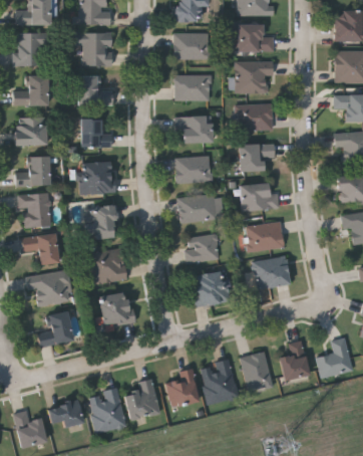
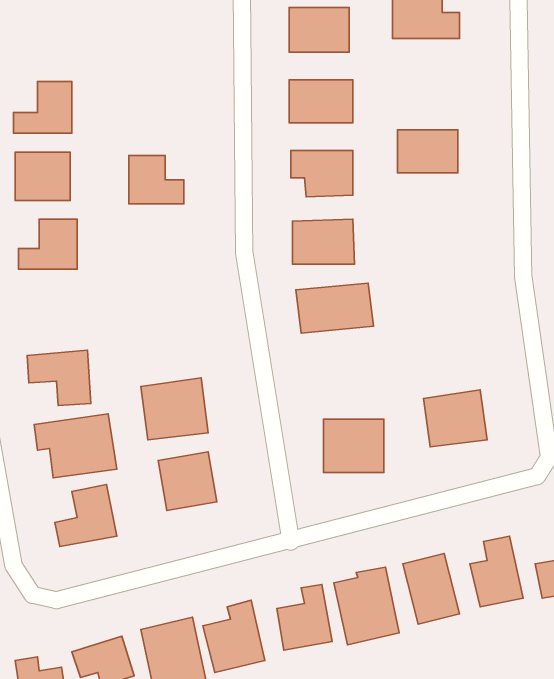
building: [13,32,47,64] -> none
building: [75,32,111,65] -> none
building: [235,60,273,92] -> none
building: [78,75,112,105] -> none
building: [240,144,274,171] -> none
building: [81,163,113,193] -> none
building: [240,182,279,210] -> none
building: [18,193,51,227] -> none
building: [83,205,116,239] -> none
building: [245,221,284,251] -> none
building: [183,233,220,263] -> none

